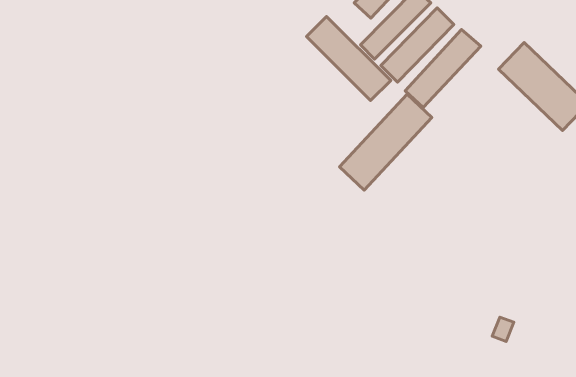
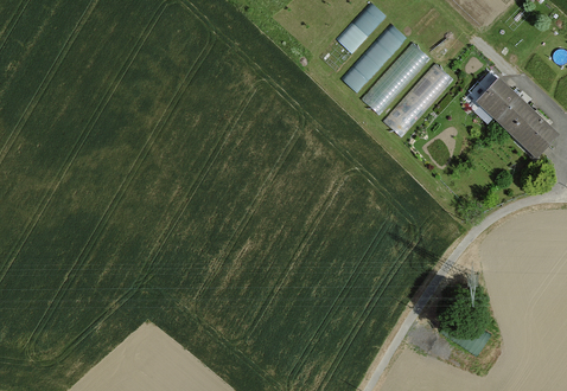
building: [306,16,391,101] -> none
building: [339,94,432,190] -> none

